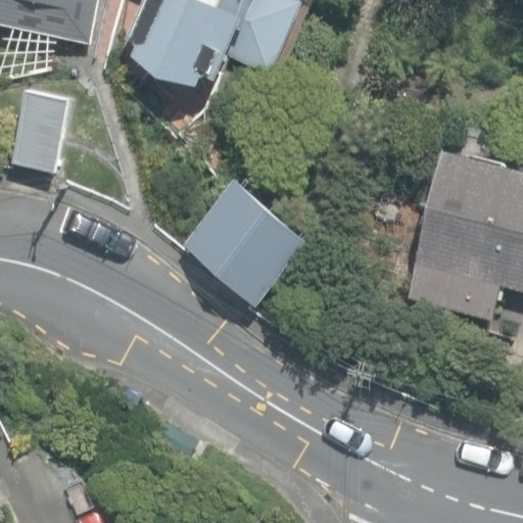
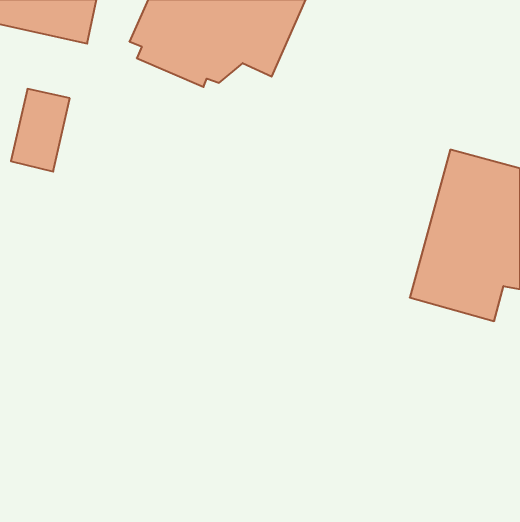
building: [181,180,305,302] -> none

